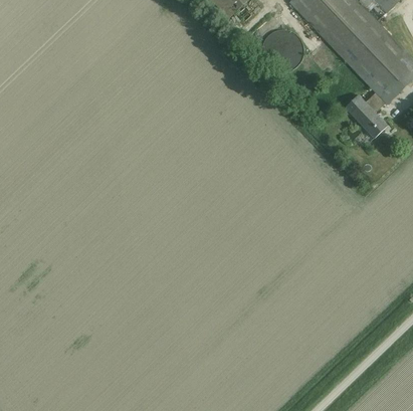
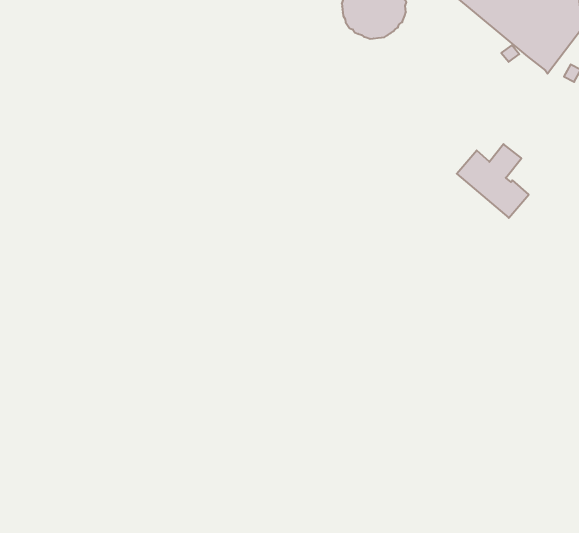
building: [344,91,387,138] -> [457,144,529,218]

